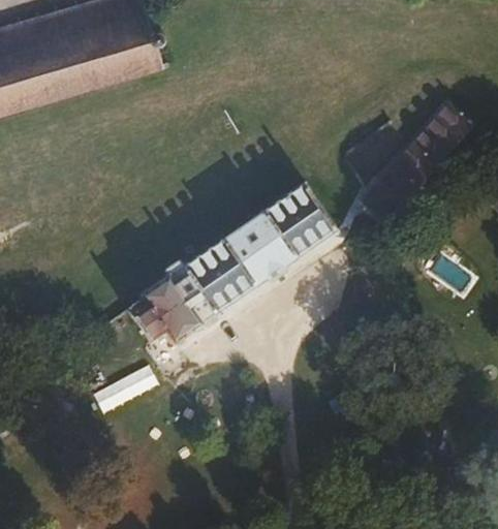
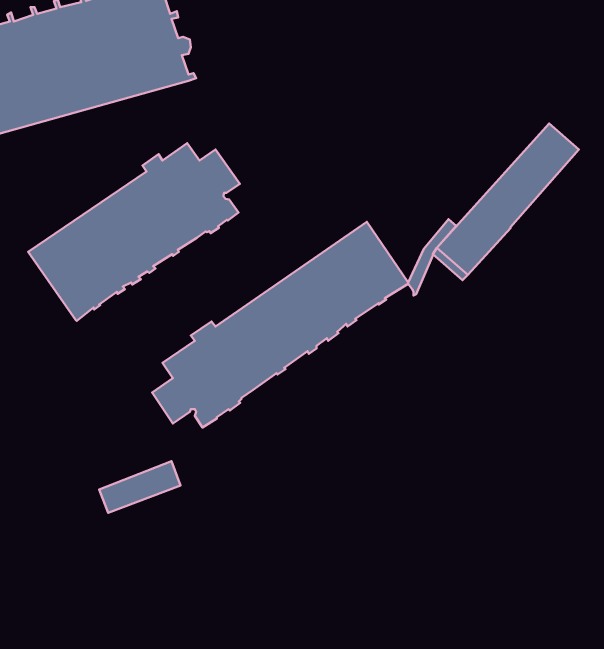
building: none -> [28,143,240,321]

